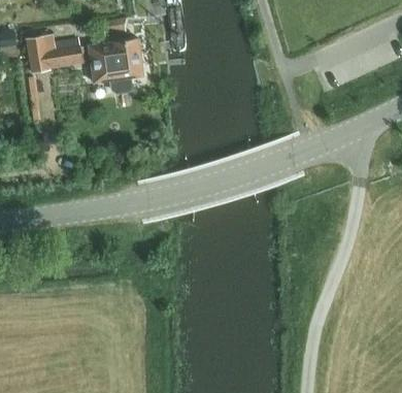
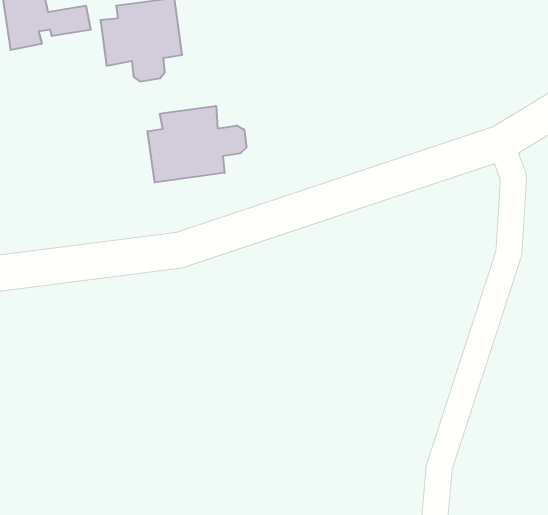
building: none -> [148,106,246,183]

